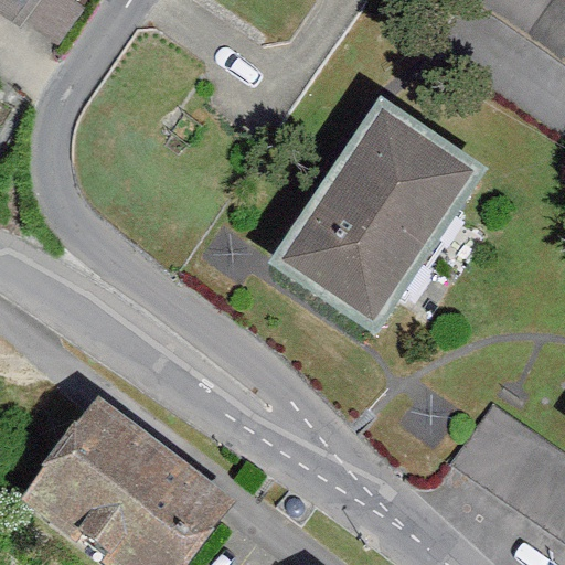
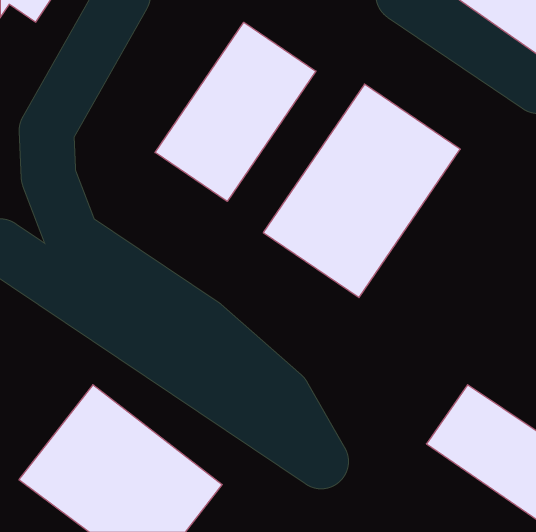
building: none -> [155,22,316,201]

